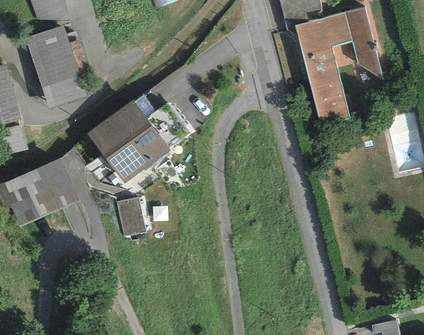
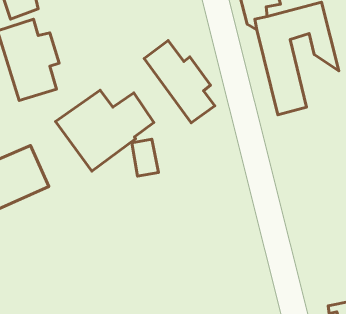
building: none -> [144,41,215,123]
building: [117,197,145,236] -> [132,139,158,176]

